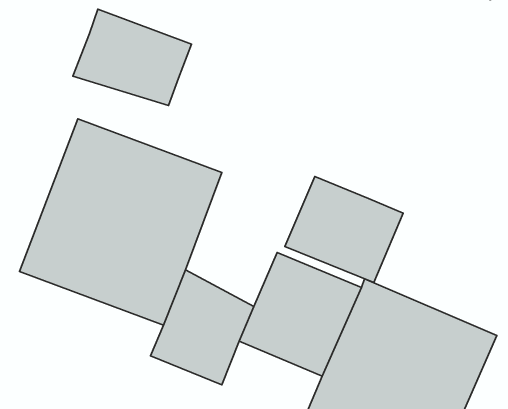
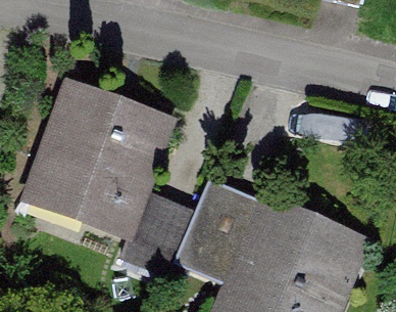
building: [73,9,192,106] -> none
building: [285,176,403,283] -> none

